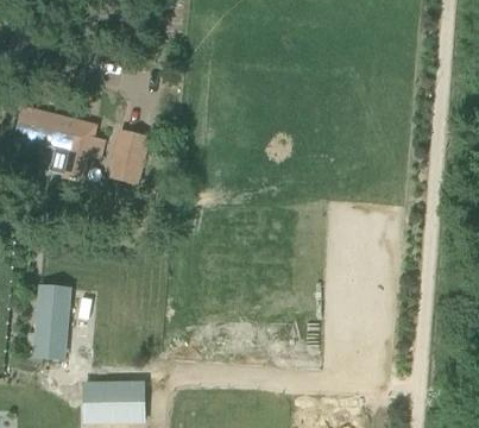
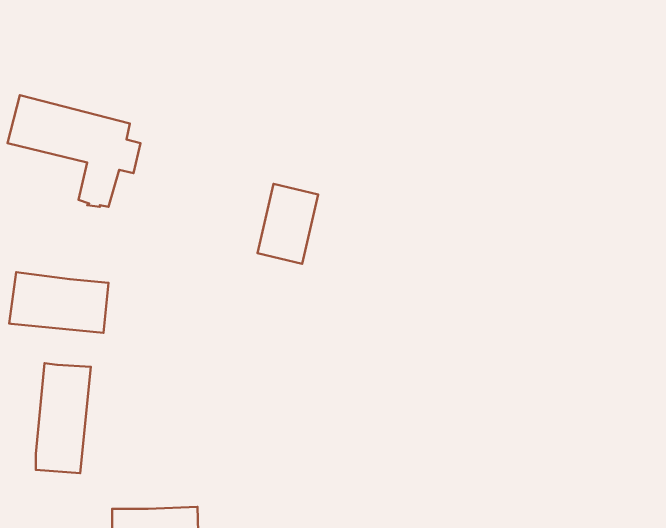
building: [109,128,150,182] -> [258,184,318,264]
building: none -> [9,272,108,333]

